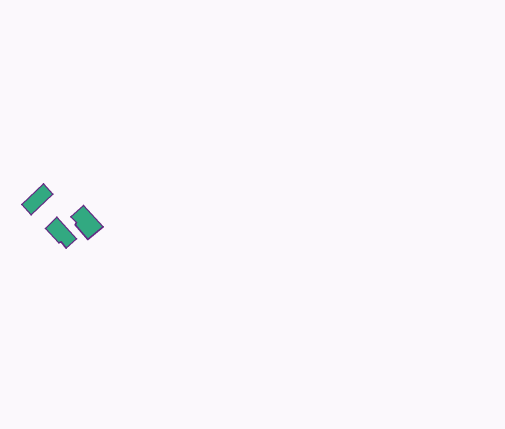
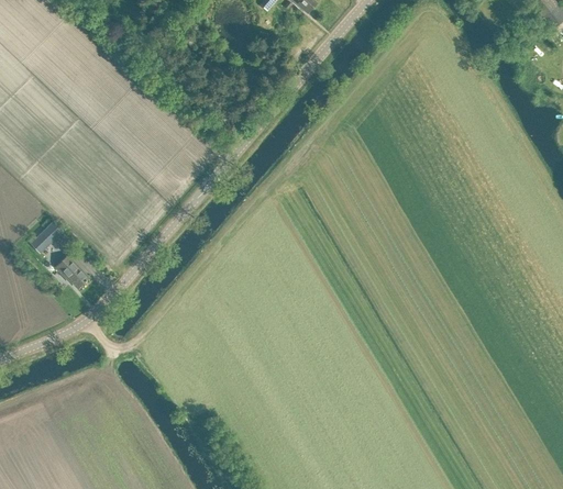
building: [71,205,103,239] -> none

